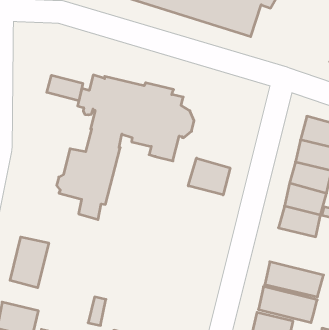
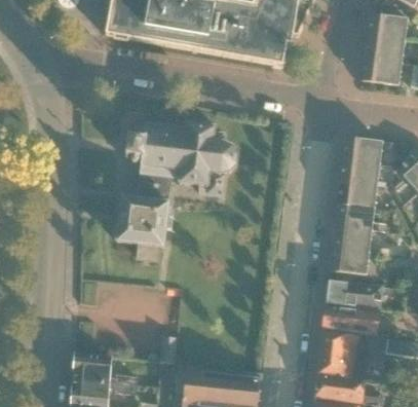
building: [47,75,83,101] -> none
building: [188,158,230,195] -> none
building: none -> [331,247,370,273]
building: [10,237,49,288] -> none

